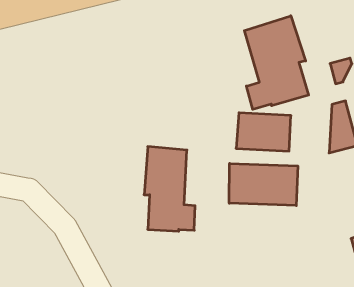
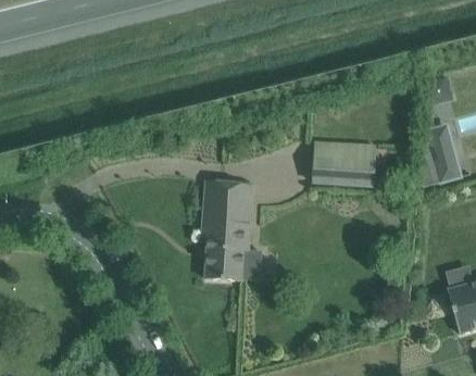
building: [244,16,309,109] -> none
building: [229,163,298,206] -> none

